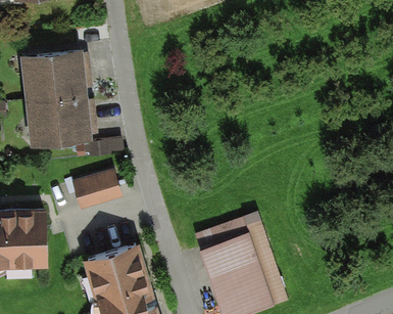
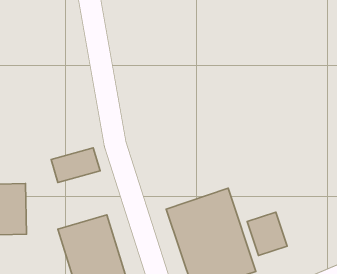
building: [24,53,97,146] -> none
building: none -> [247,212,287,255]

